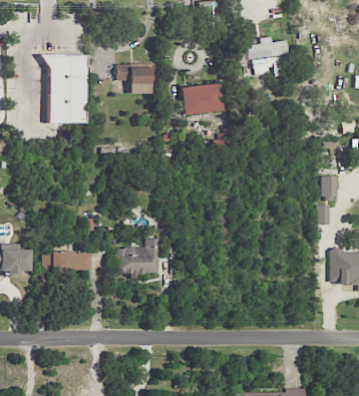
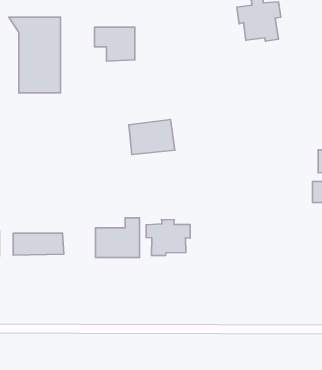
building: [180,82,222,114] -> [129,119,175,154]
building: none -> [146,219,190,256]

